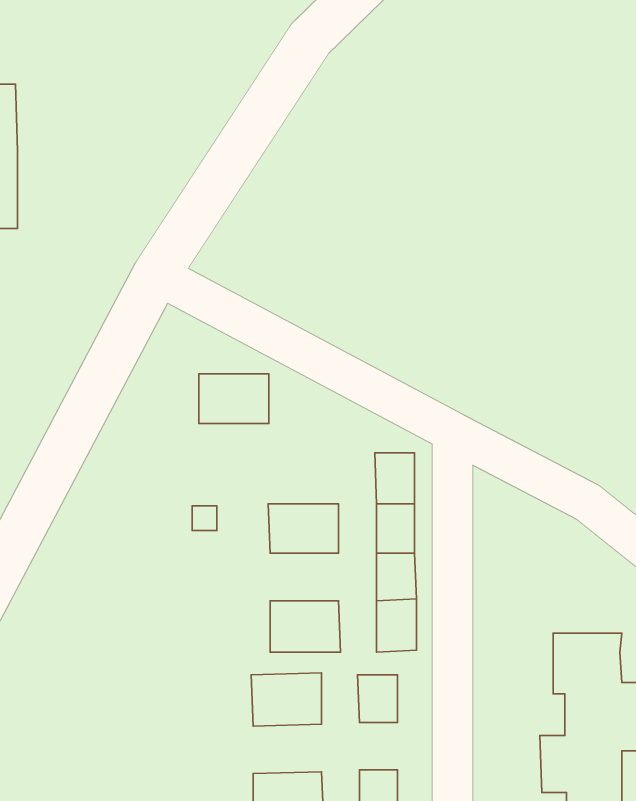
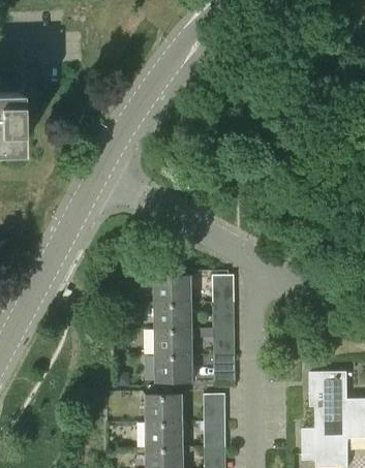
building: [199,374,269,423] -> [154,276,192,303]
building: none -> [155,330,192,355]
building: none -> [204,422,224,447]
building: none -> [146,423,183,449]

